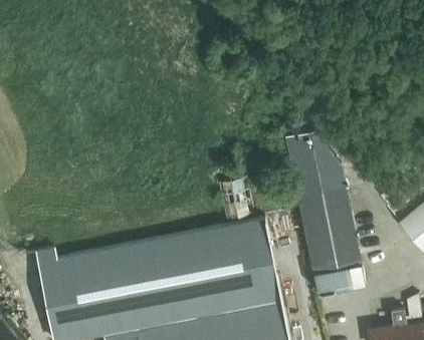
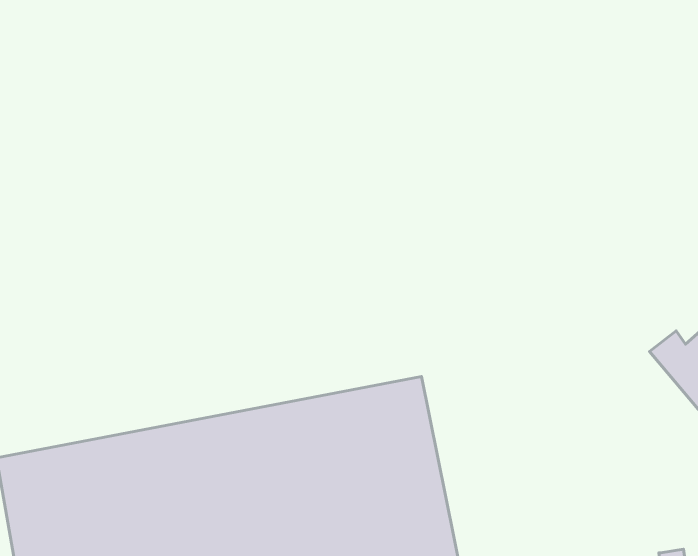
building: [286,123,365,293] -> none

